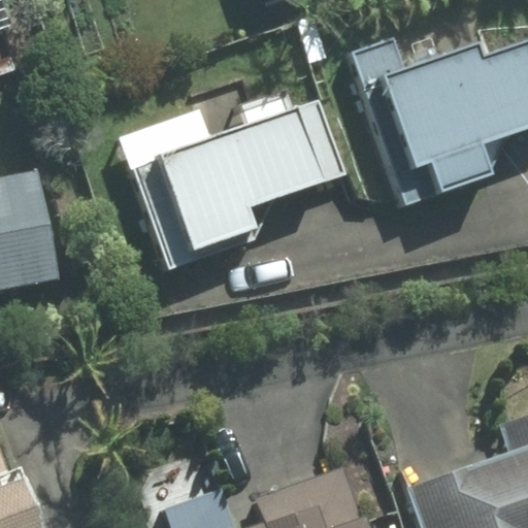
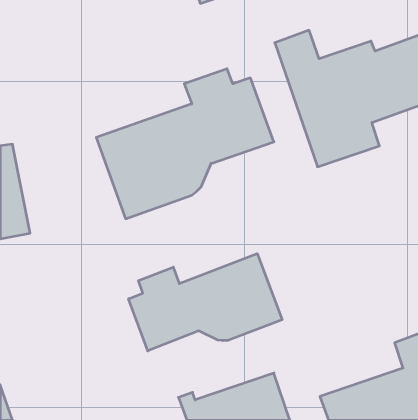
building: none -> [129,254,282,351]

